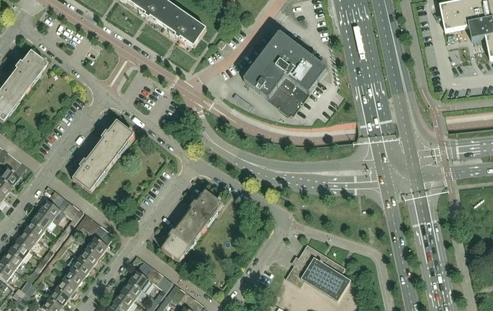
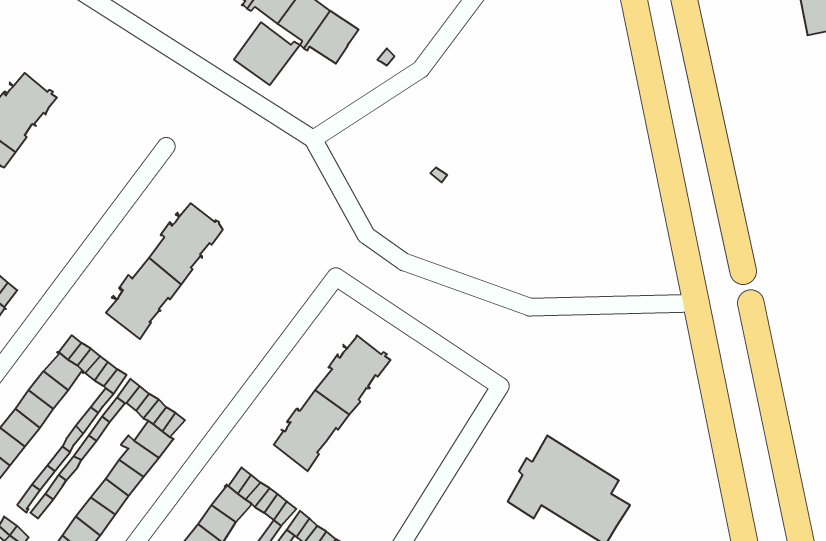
building: none -> [234,22,300,85]
building: [243,32,326,118] -> none

